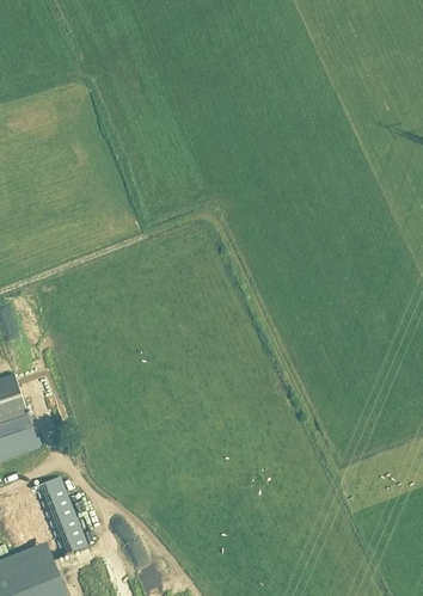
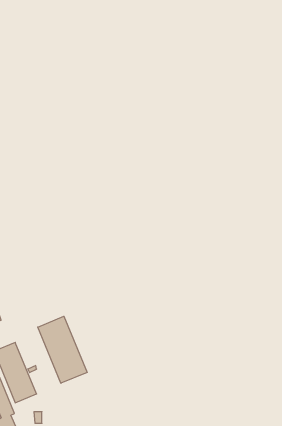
building: none -> [38,316,87,383]

